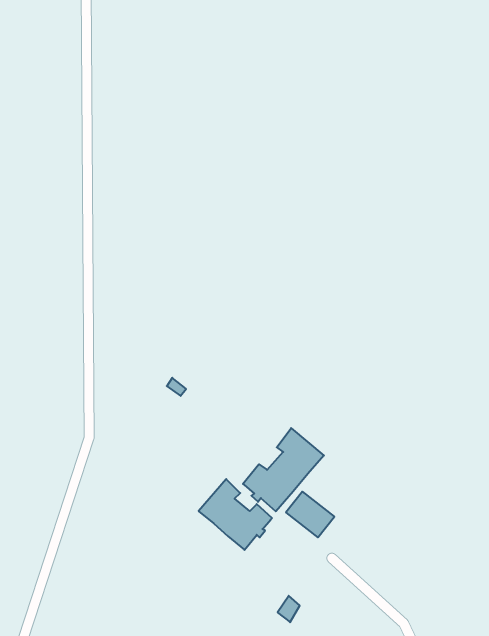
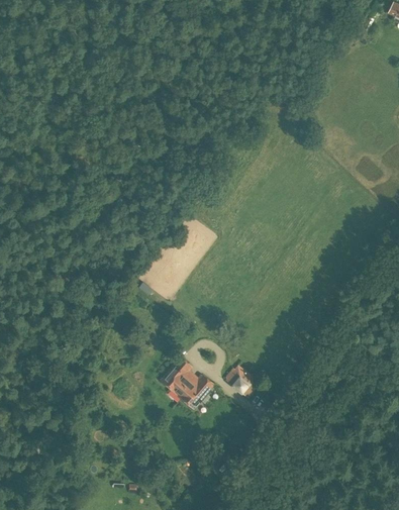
building: [243,428,324,511] -> none

